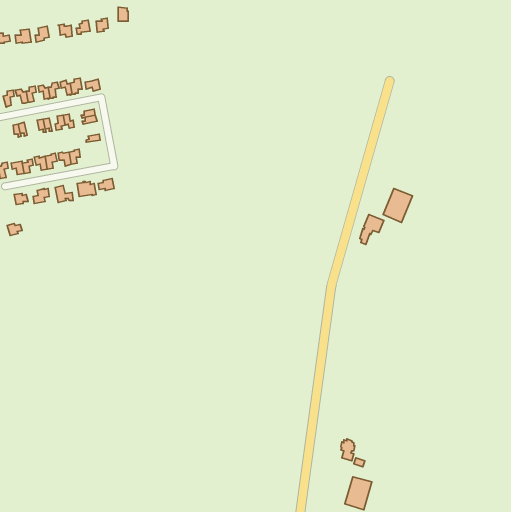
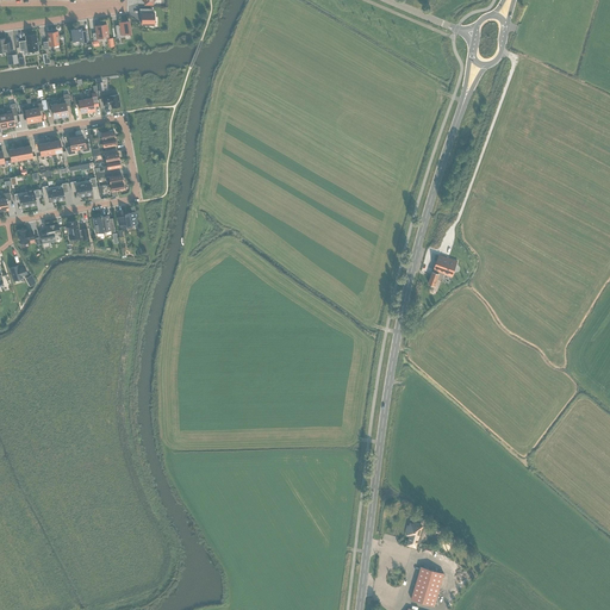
building: [383,189,413,222] -> none

